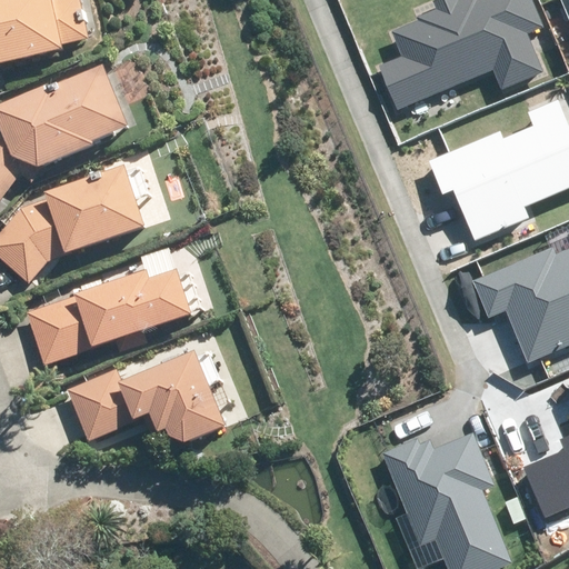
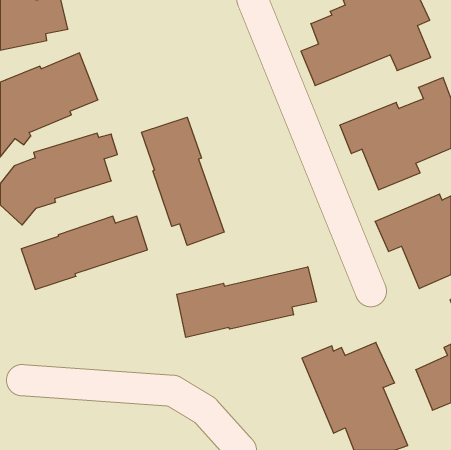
building: none -> [142,117,224,245]
building: none -> [177,267,316,337]
building: [66,353,223,445] -> none

